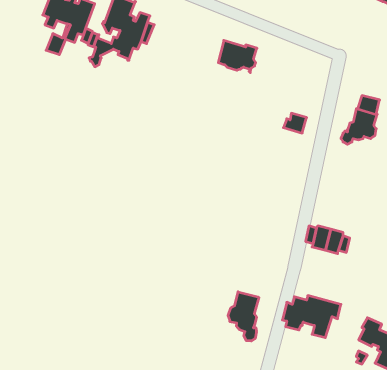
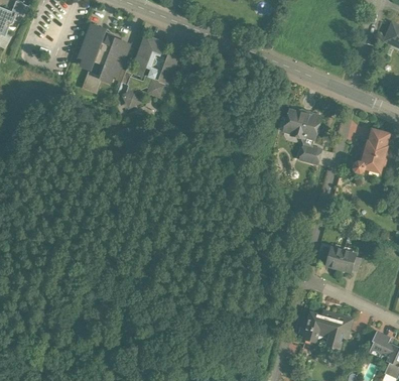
building: [218,40,257,73] -> [285,109,320,138]
building: [228,292,259,341] -> none

